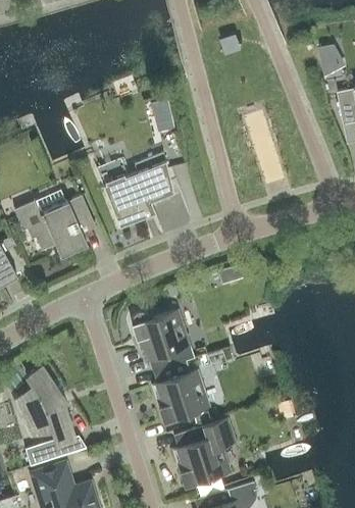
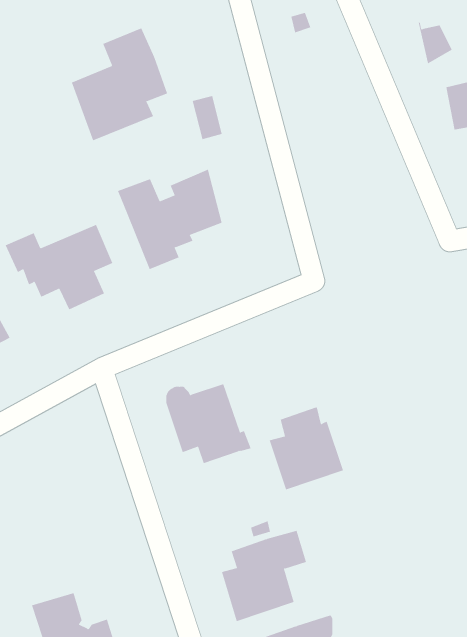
building: none -> [71,28,168,141]
building: [151,361,206,422] -> [269,407,344,490]
building: [18,366,86,465] -> none

